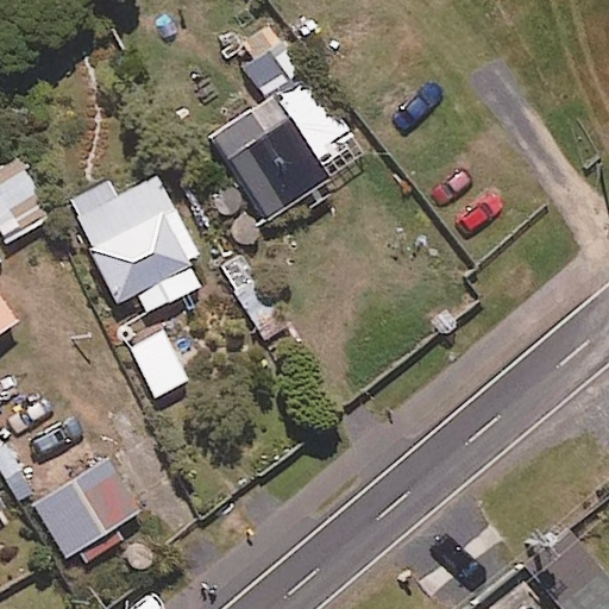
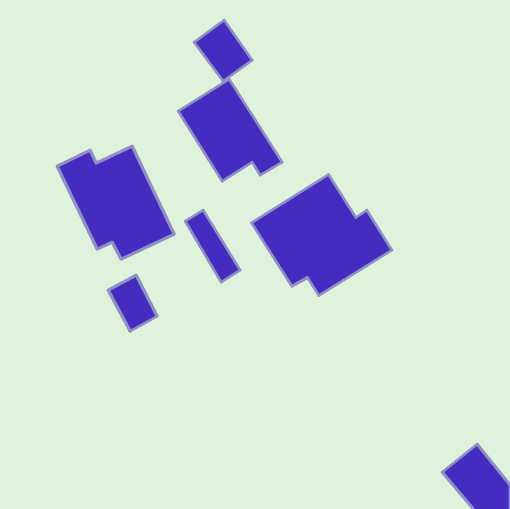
building: none -> [252,174,392,295]
building: [33,459,136,560] -> none

